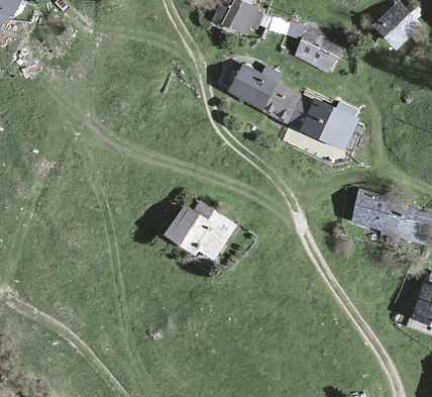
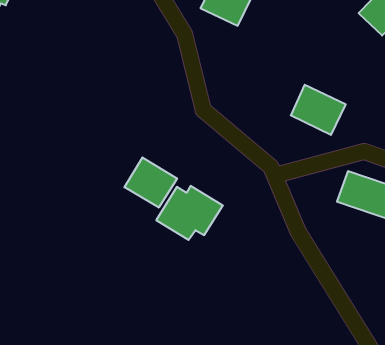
building: [295,24,344,71] -> none
building: [229,65,317,130] -> none
building: none -> [124,157,177,208]

